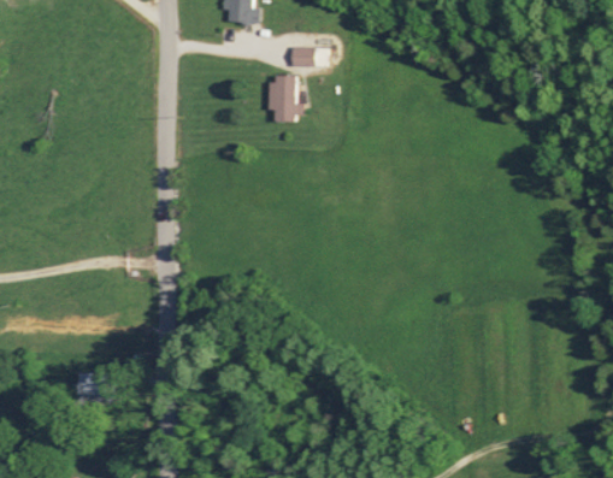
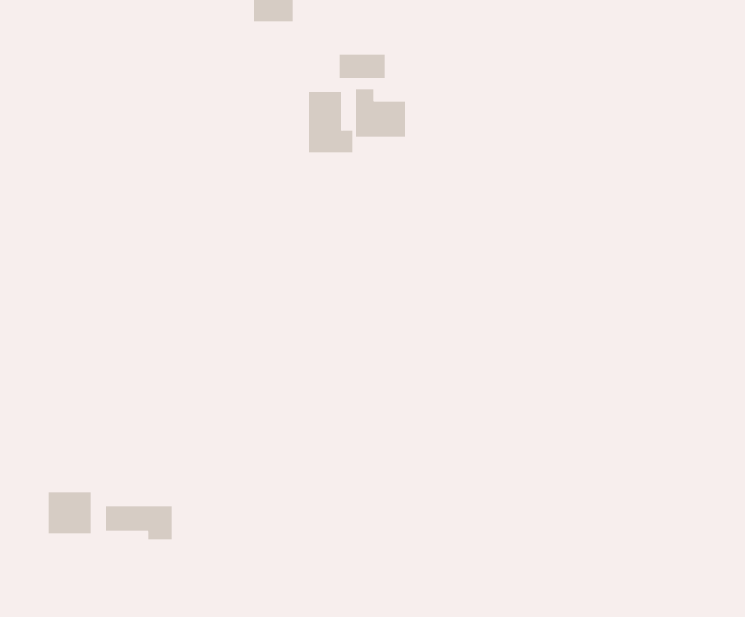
building: none -> [356,88,405,137]
building: none -> [106,505,172,540]

